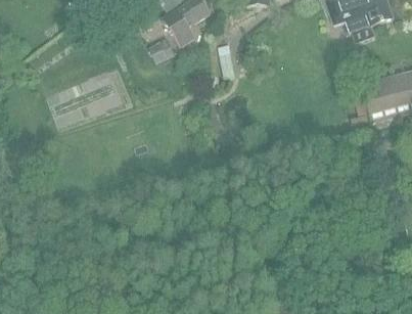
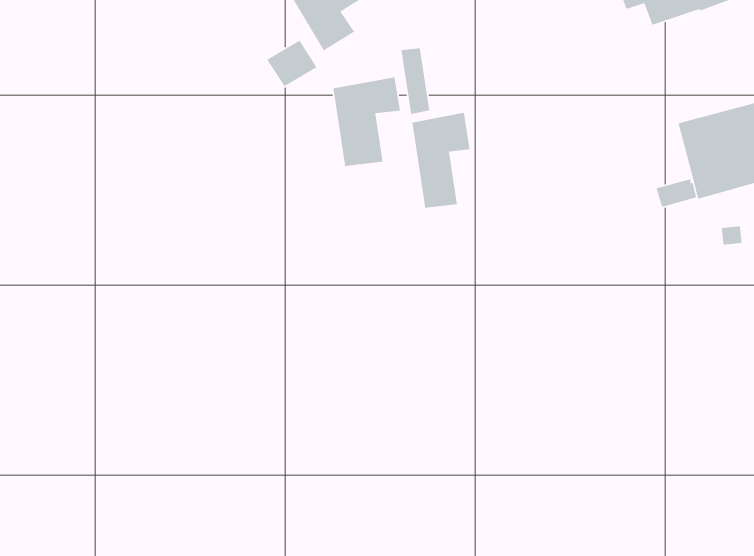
building: none -> [333,76,401,167]
building: none -> [411,112,471,208]

